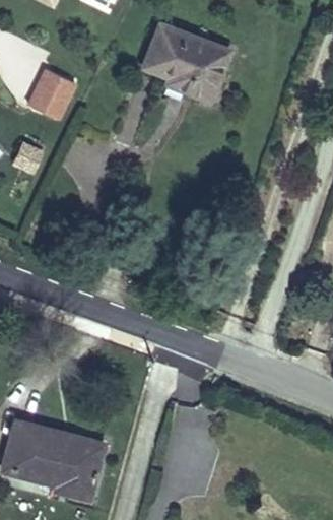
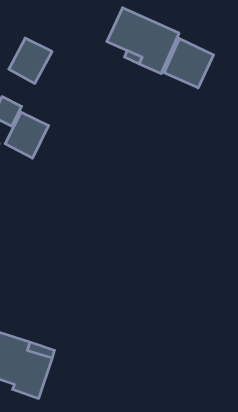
building: none -> [164,38,214,88]
building: none -> [5,112,49,158]

